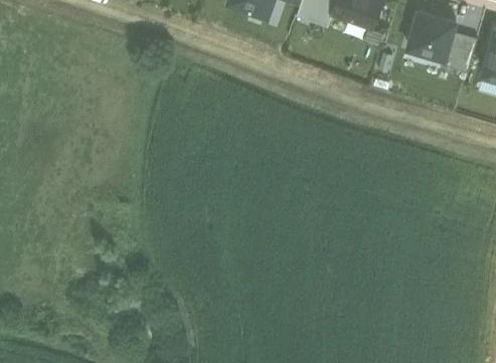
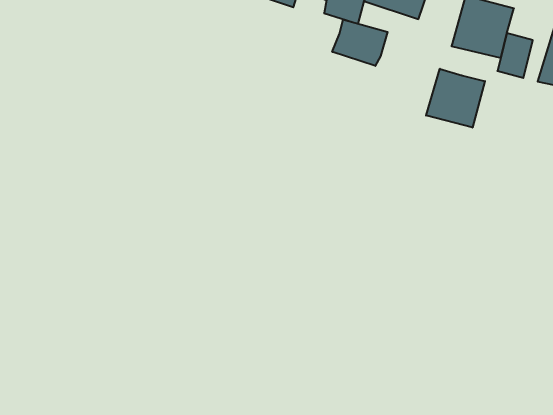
building: none -> [332,19,388,66]
building: none -> [426,69,485,128]

